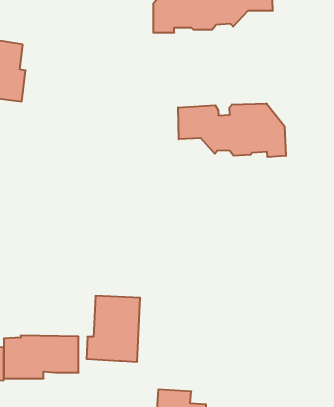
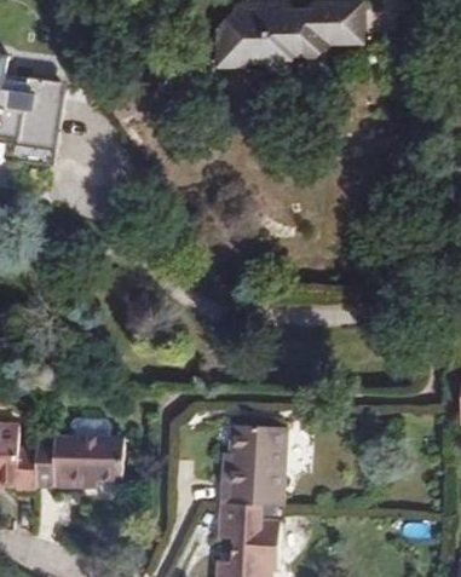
building: [178,103,286,157] -> none
building: [86,296,140,362] -> [221,425,287,504]

